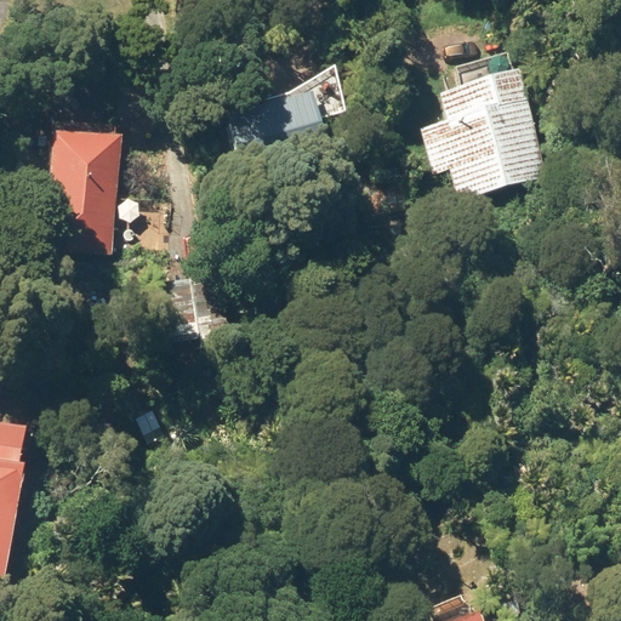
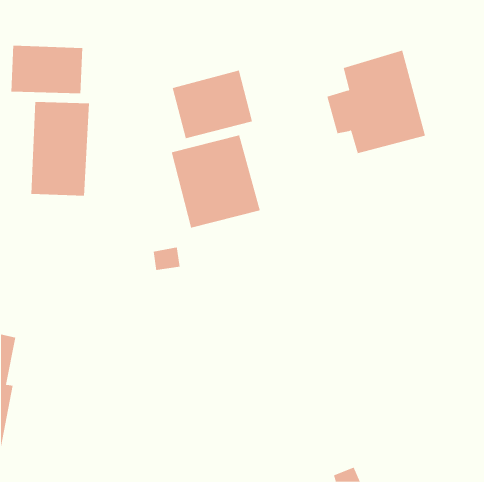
building: none -> [11,45,83,94]
building: none -> [171,134,260,229]

